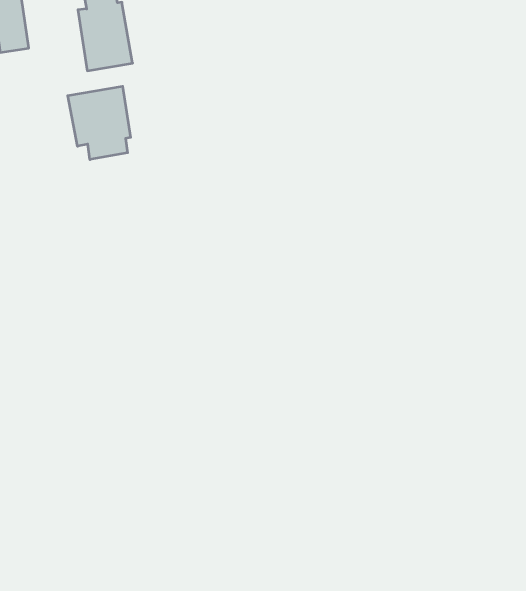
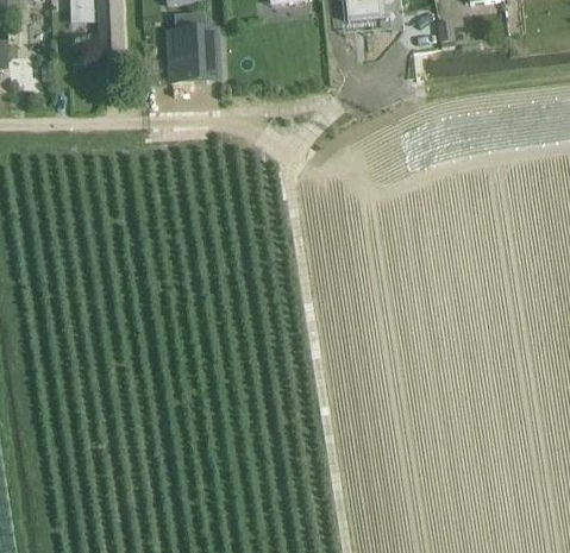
building: [68,86,131,160] -> none

